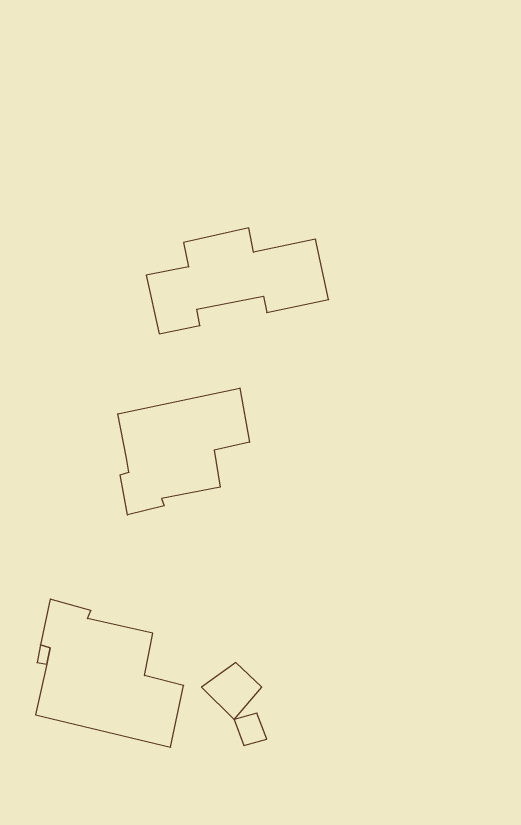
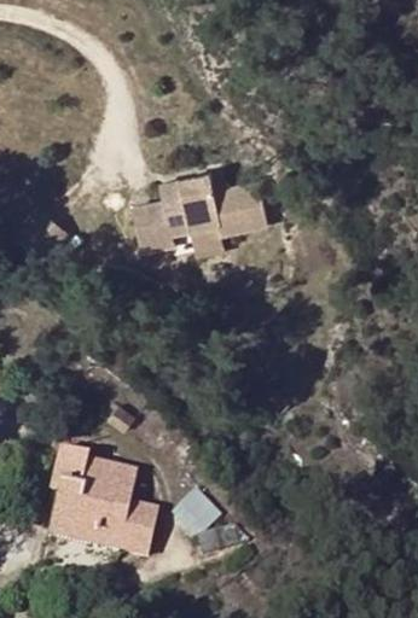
building: [118,388,250,515] -> none

